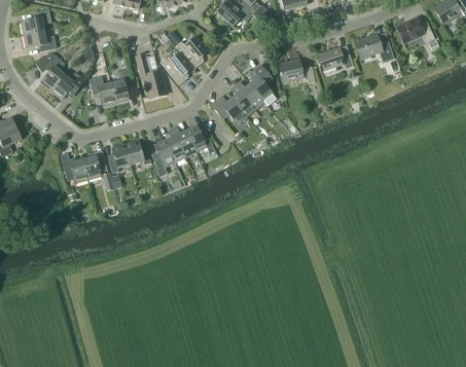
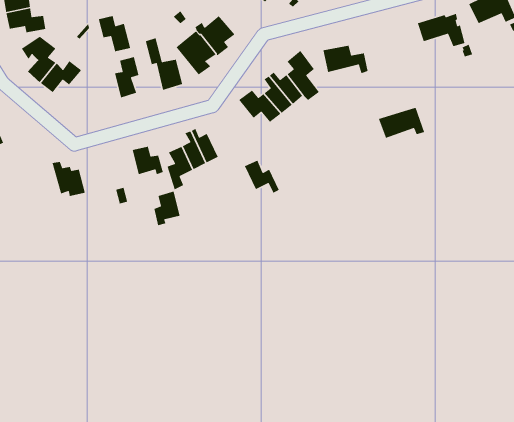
building: [315,45,353,71] -> [378,107,425,139]
building: [88,76,115,106] -> [98,15,131,52]
building: [185,125,214,153] -> [244,159,280,194]
building: [108,144,130,173] -> [154,191,180,226]
building: [82,150,106,179] -> none

